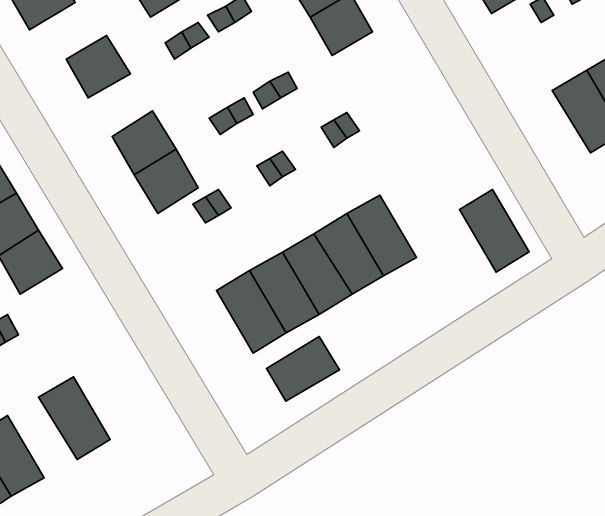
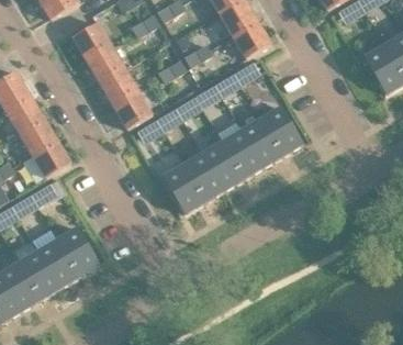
building: none -> [233,21,271,58]
building: none -> [87,46,125,84]
building: [459,189,529,272] -> [261,107,303,156]
building: [267,336,340,401] -> none
building: none -> [38,240,80,288]

